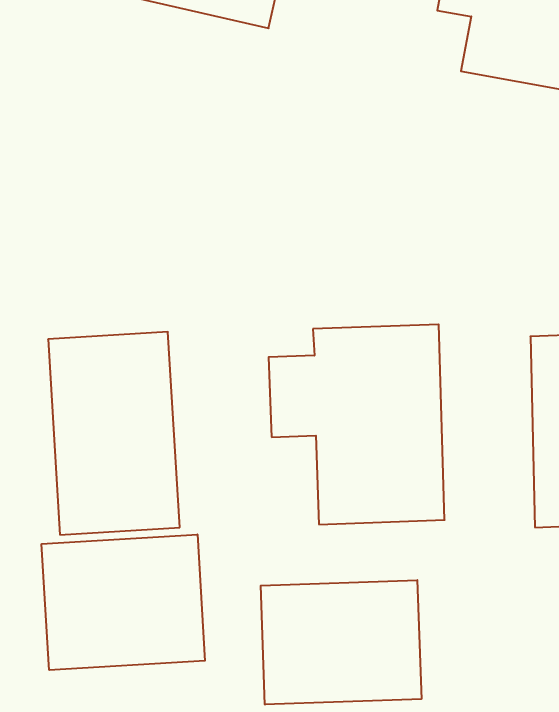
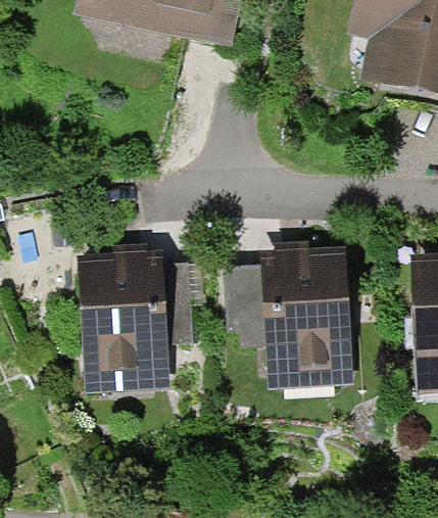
building: [42,534,205,670] -> none
building: [261,580,421,705] -> none

